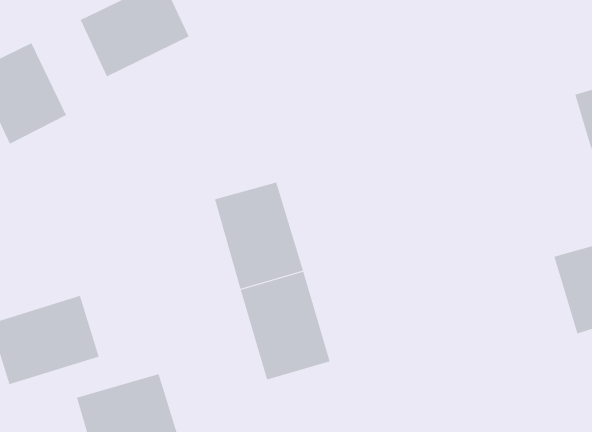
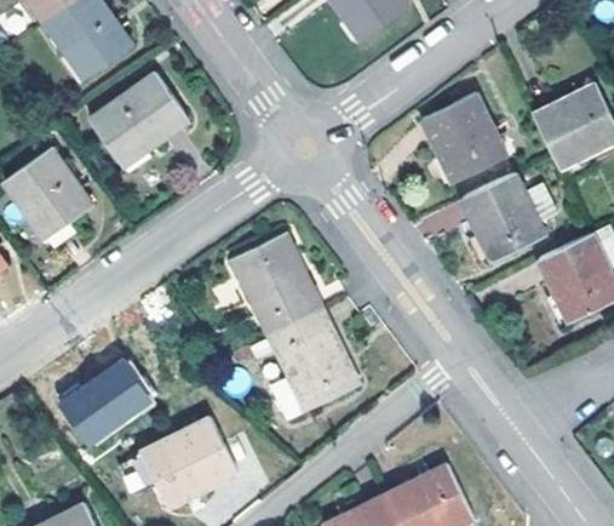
building: none -> [421,93,505,182]
building: none -> [461,173,544,261]

